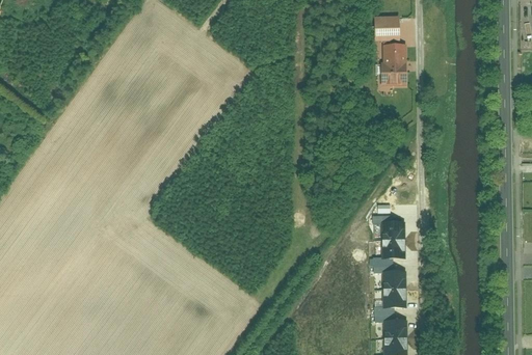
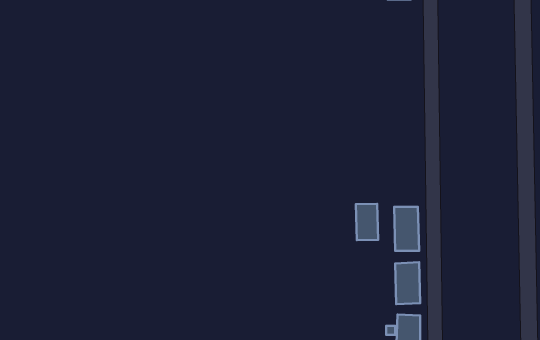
building: [378,42,405,84] -> none
building: none -> [356,204,378,240]

